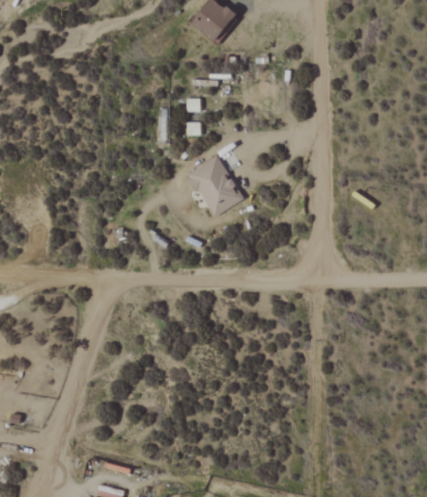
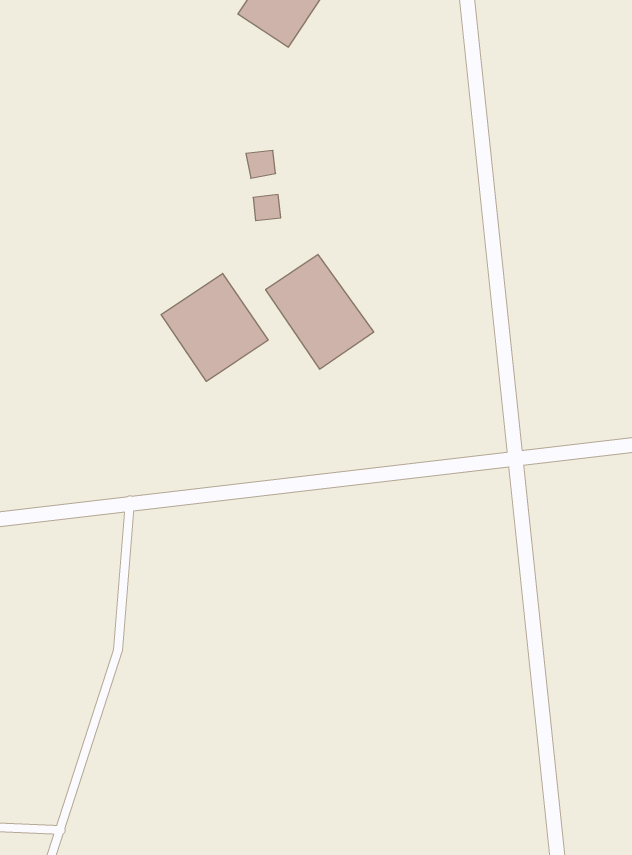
building: none -> [161,273,268,381]

